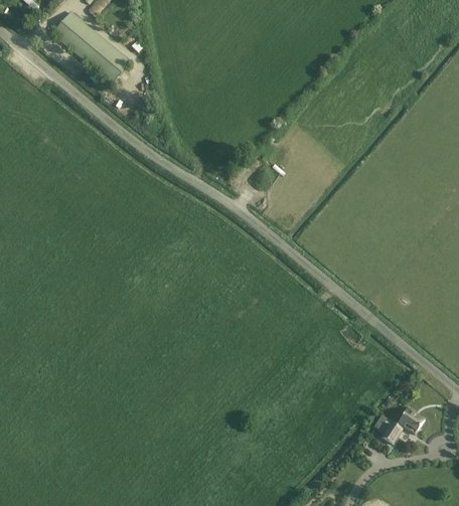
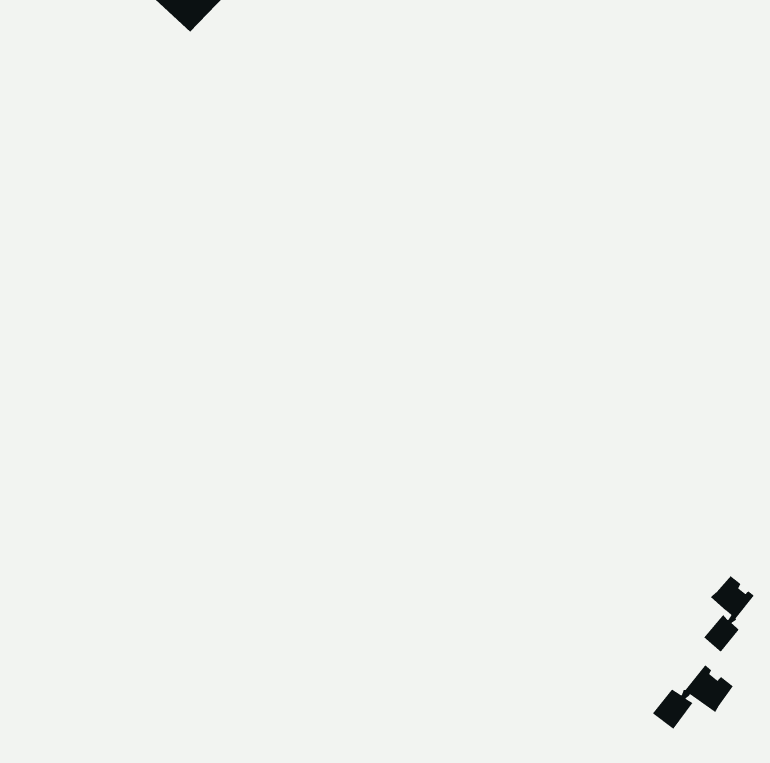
building: none -> [703,575,755,653]

